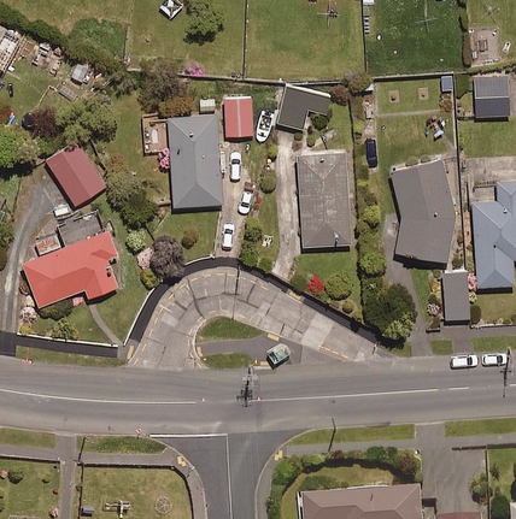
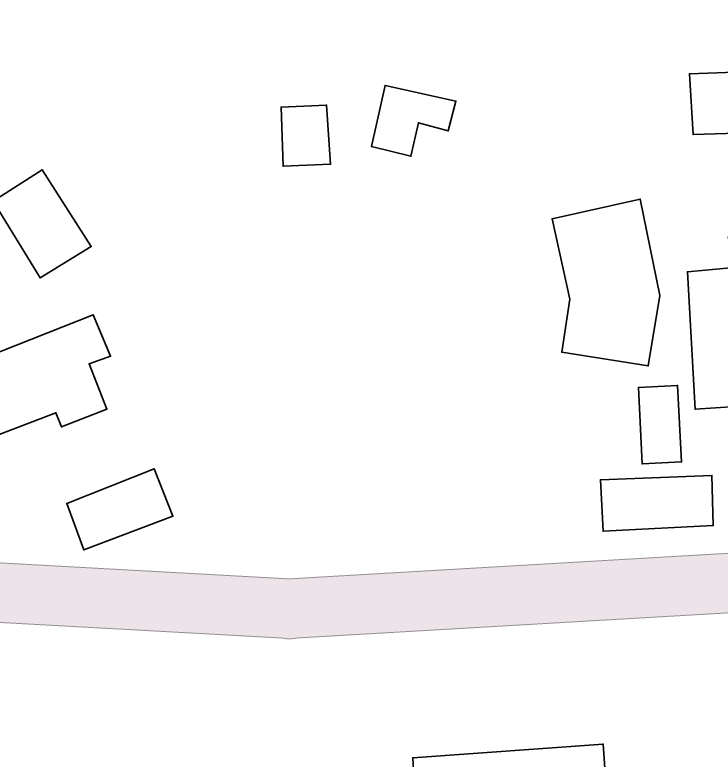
building: [149,113,227,206] -> none
building: [298,154,351,247] -> none
building: none -> [67,469,173,550]
building: none -> [600,476,713,531]

